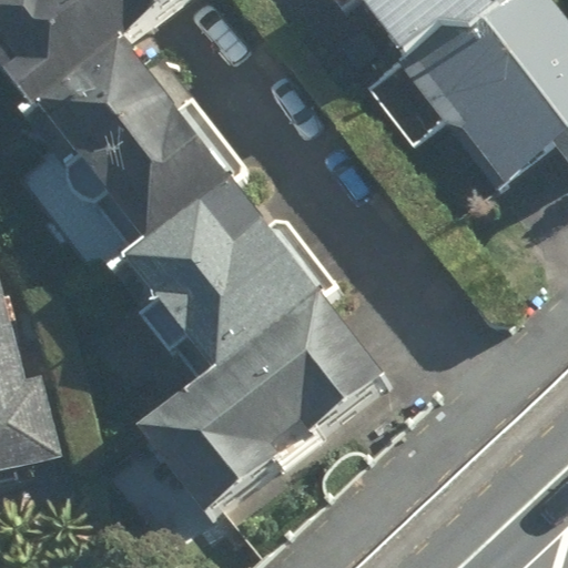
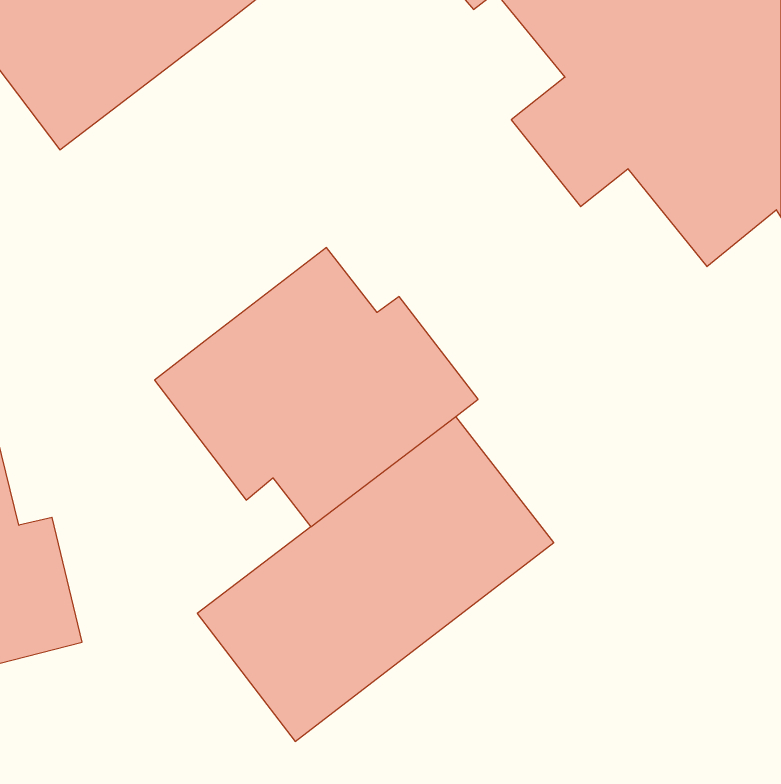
building: [42,40,239,240] -> none

